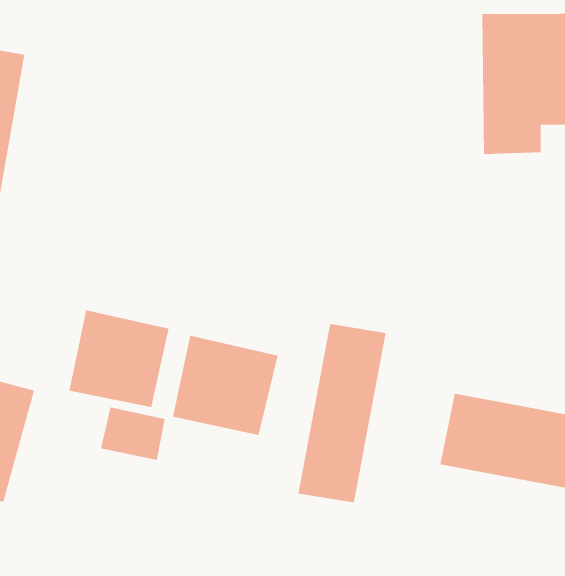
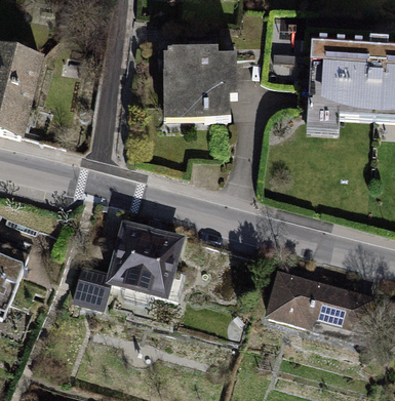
building: none -> [167,53,228,123]
building: [69,309,169,408] -> none
building: [298,323,386,503] -> none

